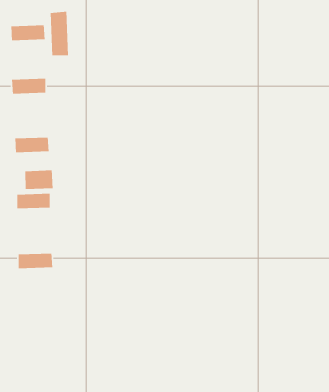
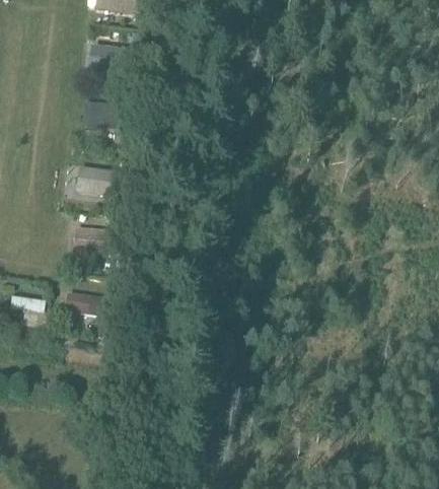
building: [50,11,69,56] -> none
building: [24,170,54,190] -> none

